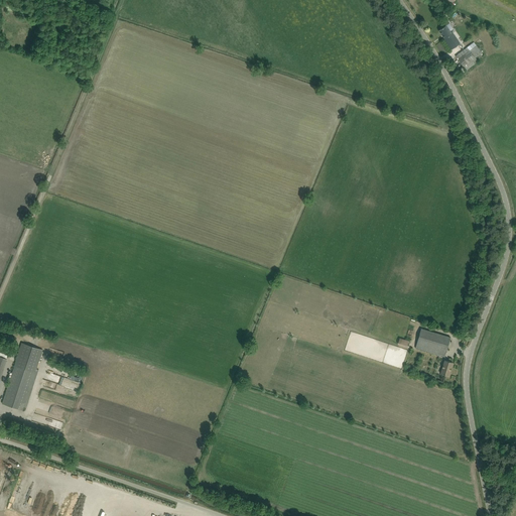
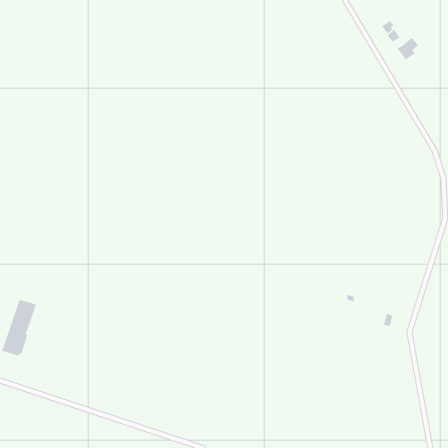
building: [415,329,449,357] -> none

